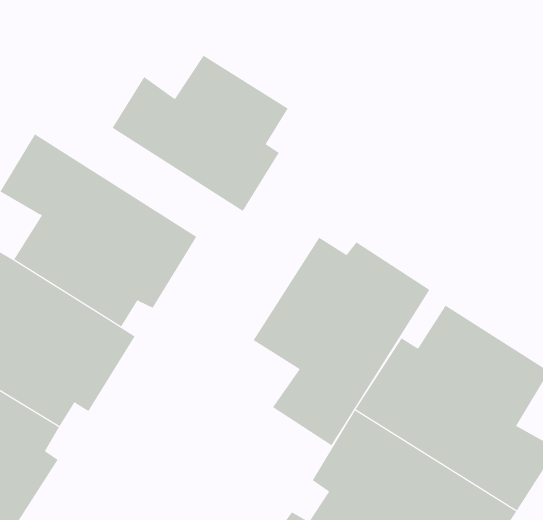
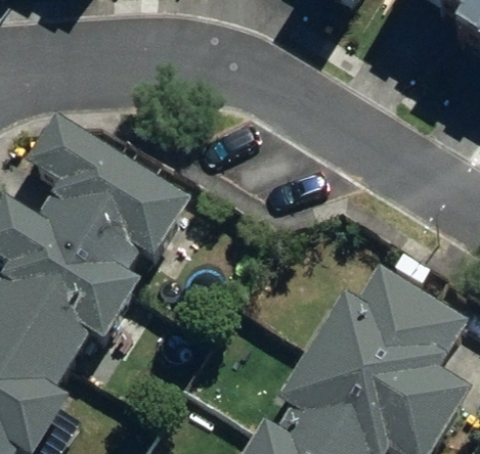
building: [112,55,289,212] -> none
building: [253,237,430,446] -> none

